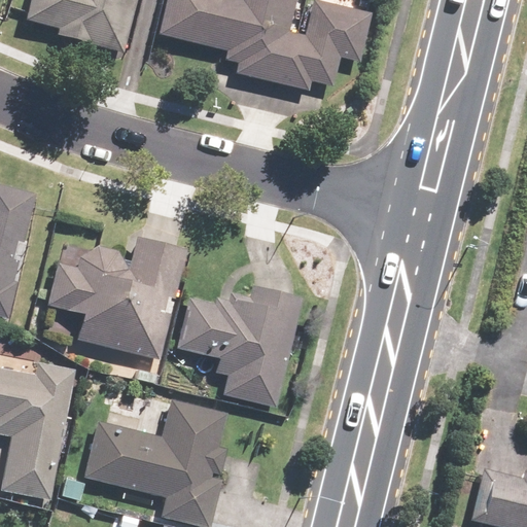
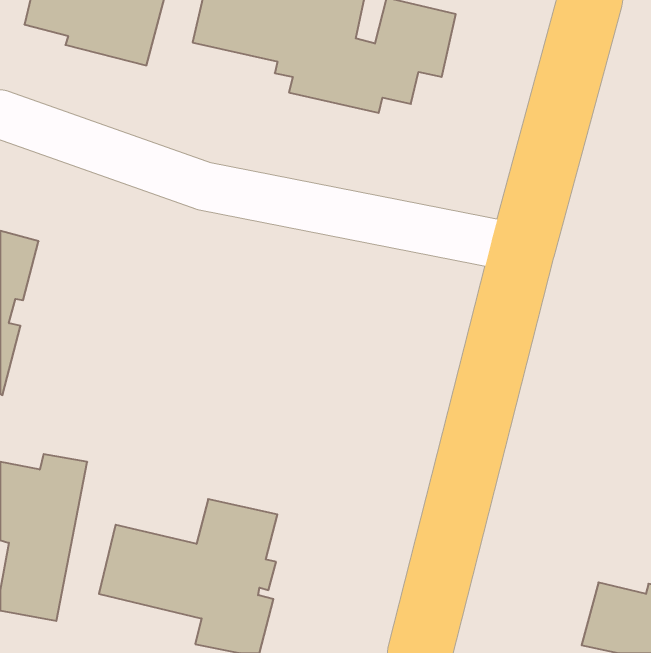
building: [47,238,186,356] -> none
building: [175,285,300,405] -> none

